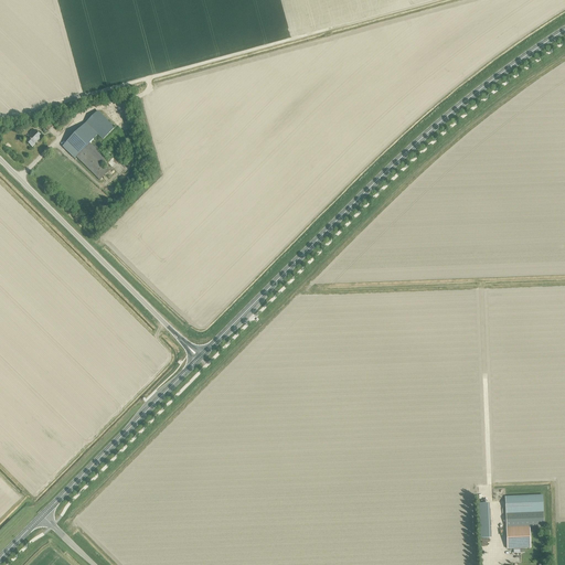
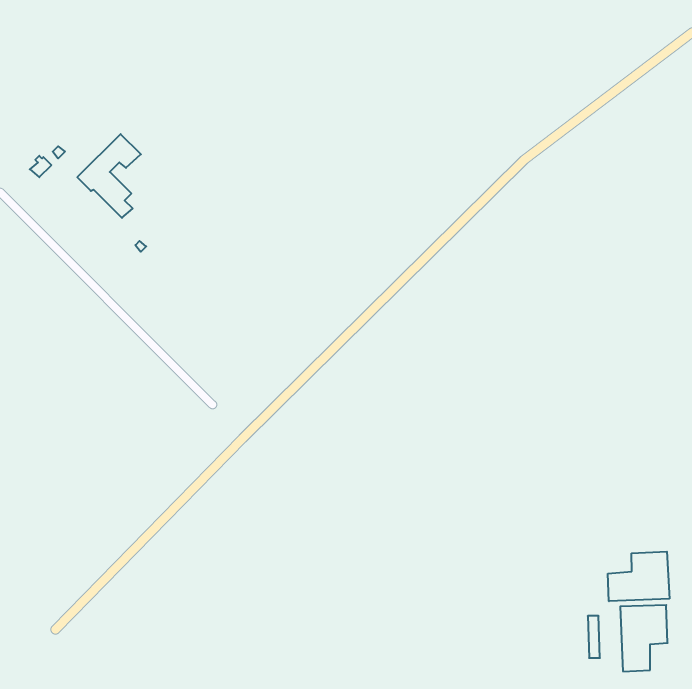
building: none -> [608,552,669,601]

